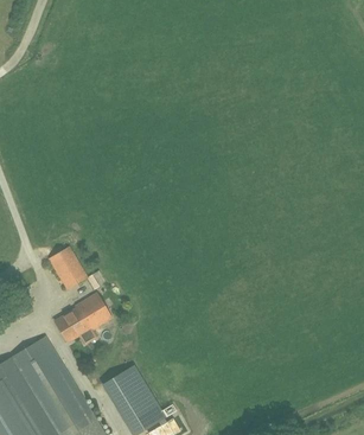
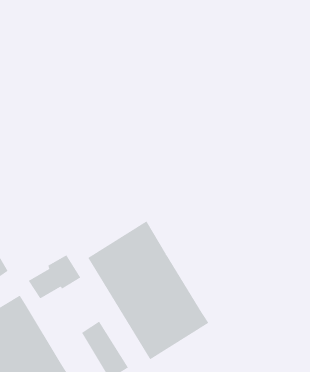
building: [46,247,85,290] -> none
building: none -> [88,221,209,360]

